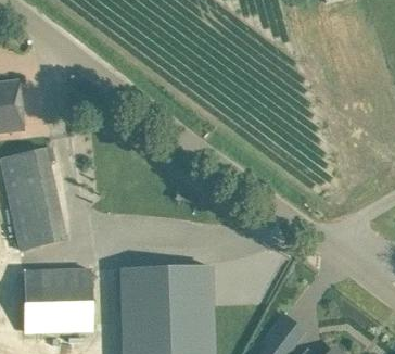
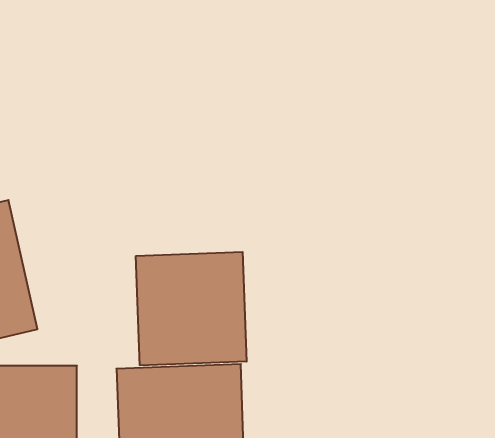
building: none -> [136,252,247,365]

